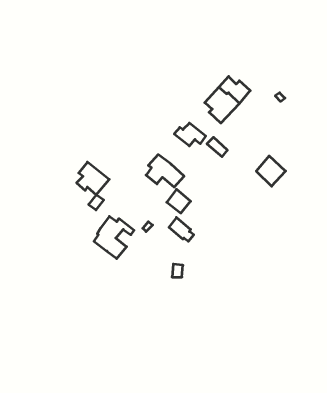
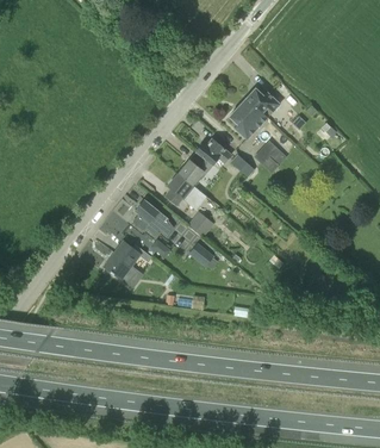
building: none -> [176,150,211,183]
building: [256,156,286,186] -> [254,139,286,173]
building: [77,162,109,195] -> [131,199,167,235]

